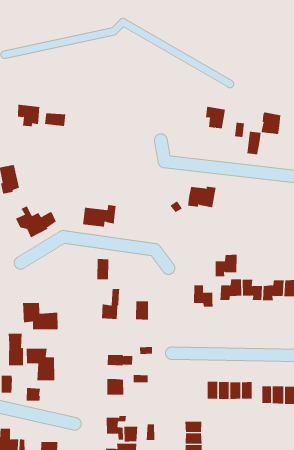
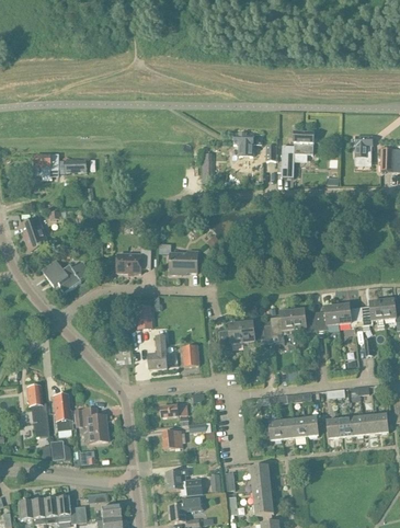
building: [187,186,216,208] -> [170,250,198,273]
building: [215,254,237,277] -> [219,321,244,347]
building: [23,302,58,330] -> none

